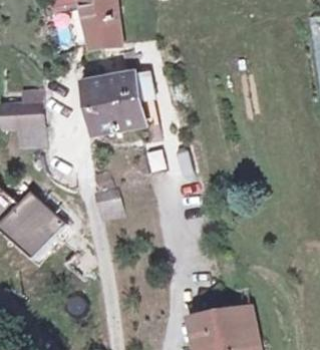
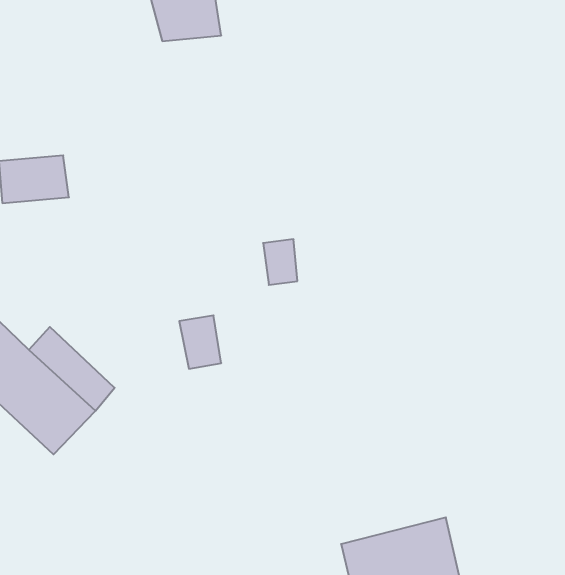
building: [88,75,146,136] -> none

